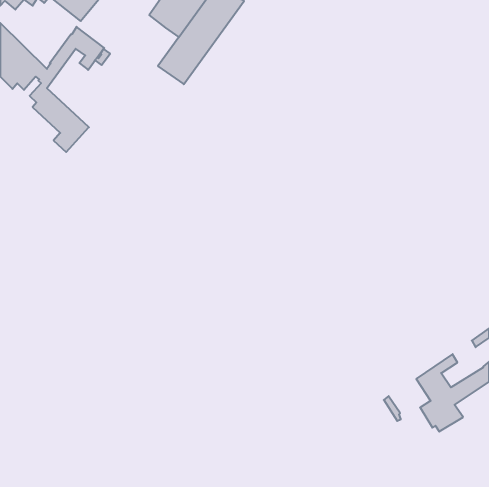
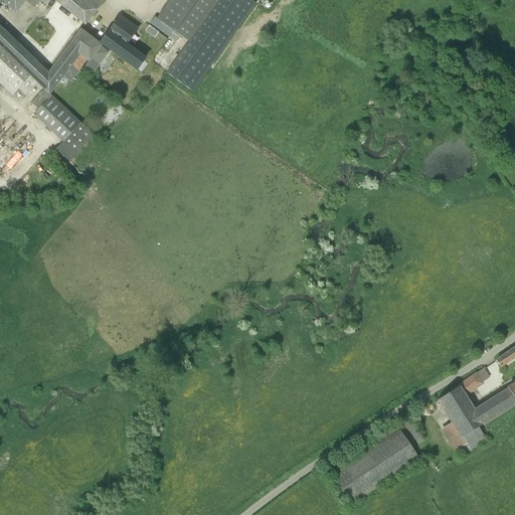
building: none -> [101,23,161,67]
building: none -> [333,422,418,502]

